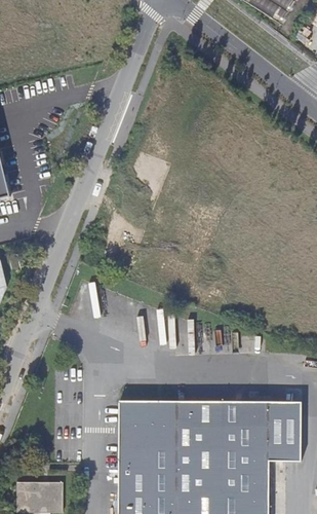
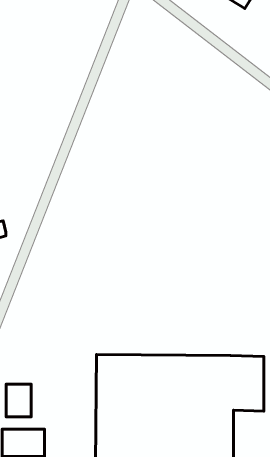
building: none -> [6,384,31,417]

